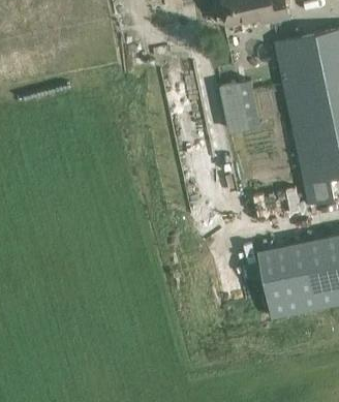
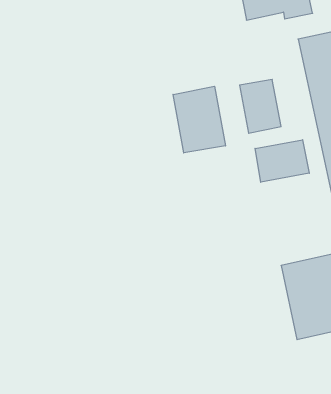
building: none -> [173,86,225,153]
building: none -> [255,140,309,182]

